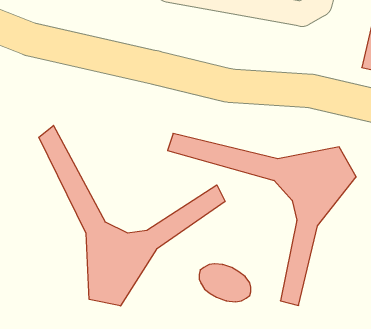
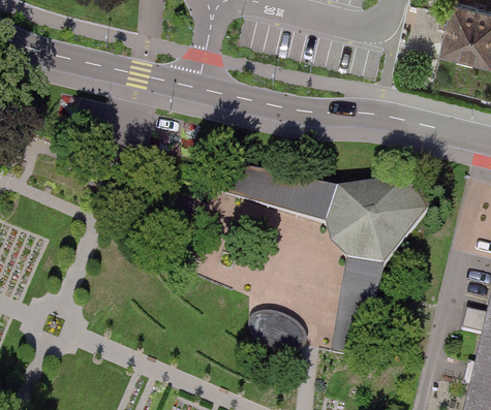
building: [39,125,225,306] -> none

